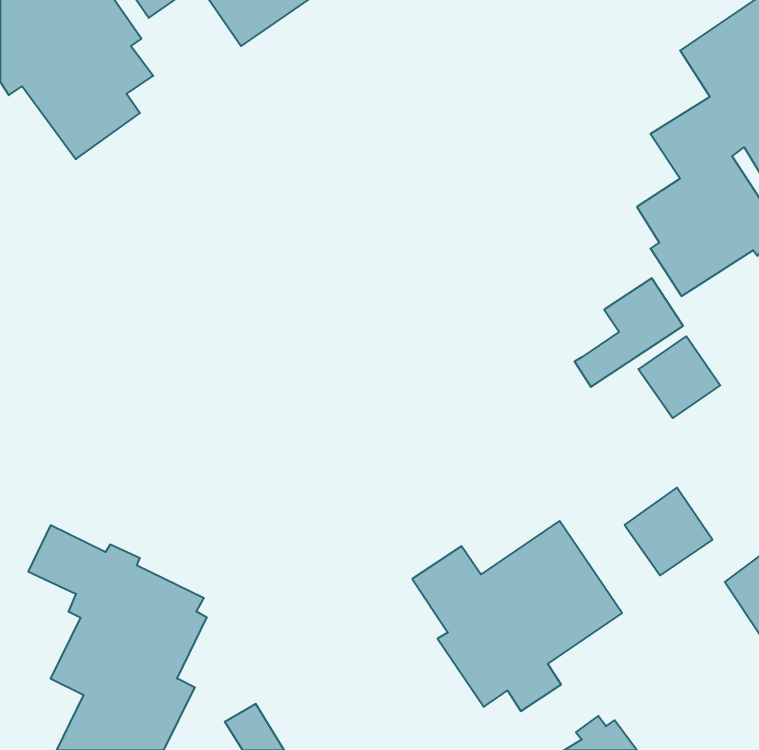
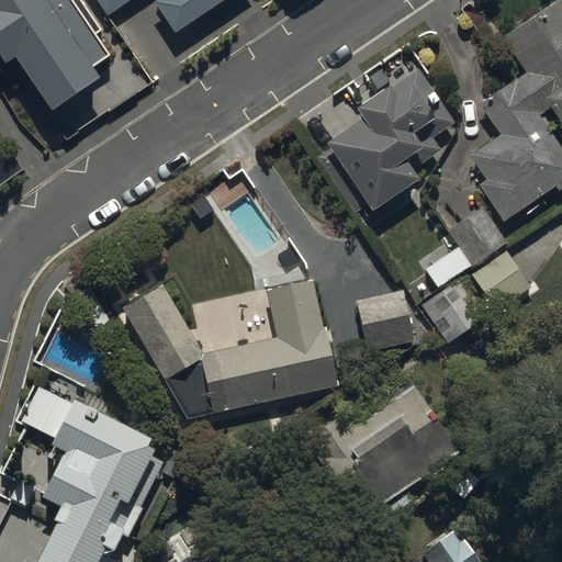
building: none -> [317,69,454,216]
building: none -> [123,279,337,420]
building: none -> [357,292,415,351]
building: [625,488,712,575] -> [423,277,487,341]

